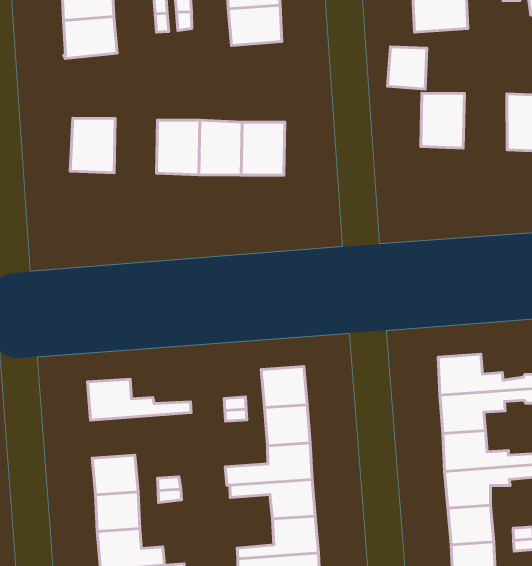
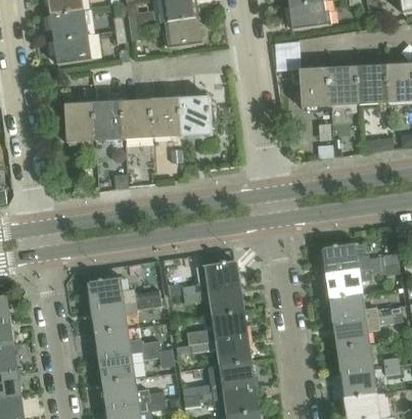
building: none -> [328,66,360,105]
building: none -> [94,102,125,140]
building: none -> [93,297,162,333]

